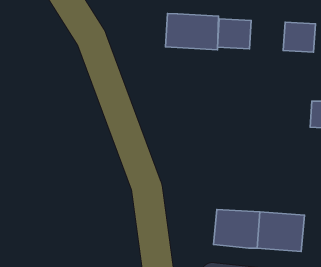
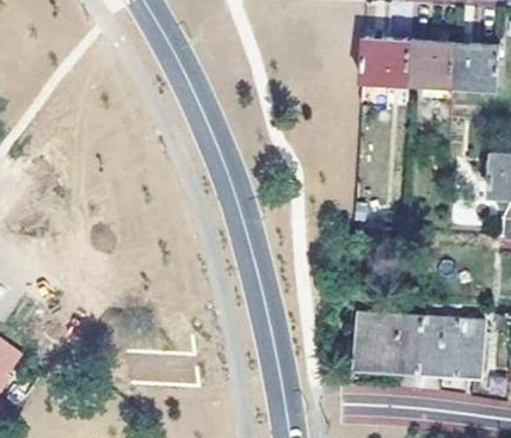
building: [165,14,219,50] -> none
building: none -> [405,45,455,88]

